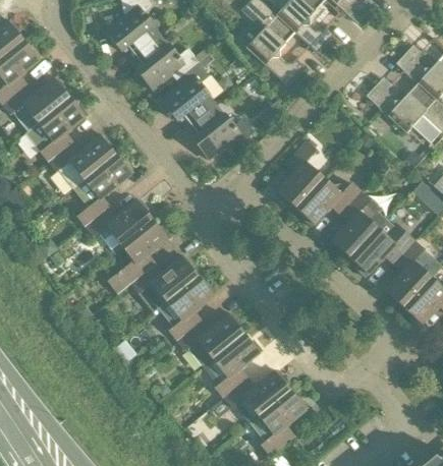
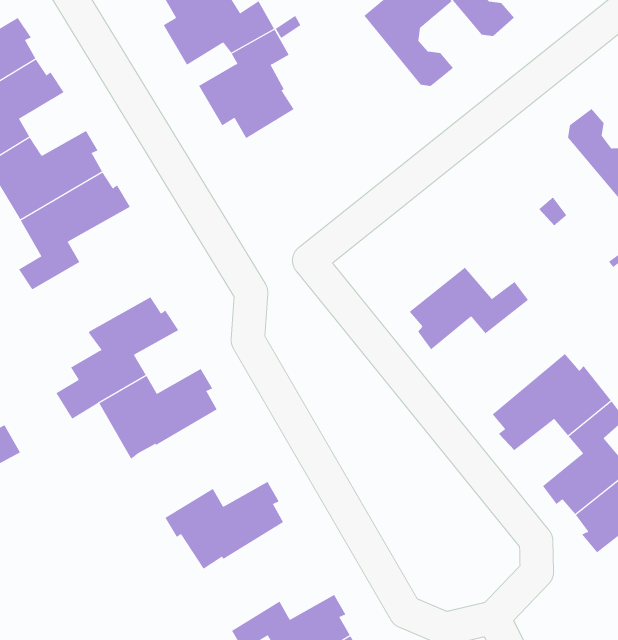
building: [191,104,255,158] -> none
building: [275,140,323,207] -> none
building: [329,190,385,256] -> none
building: [86,196,152,250] -> none
building: [158,276,216,340] -> none
building: [213,333,262,397] -> none

